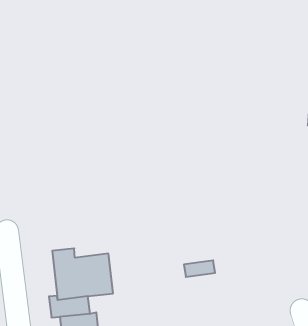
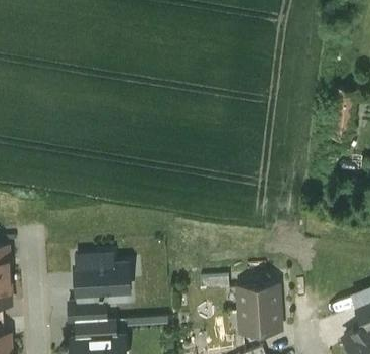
building: none -> [238,286,280,333]

